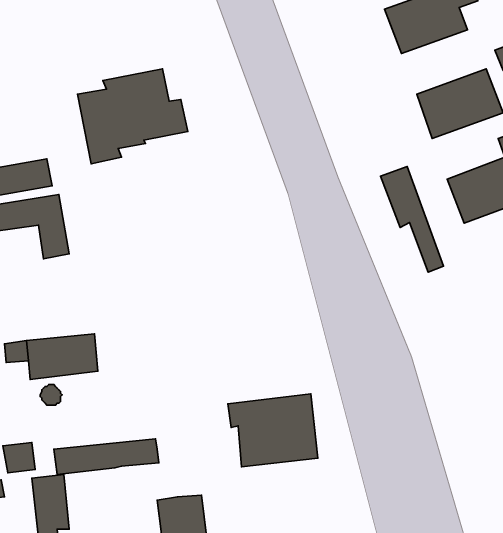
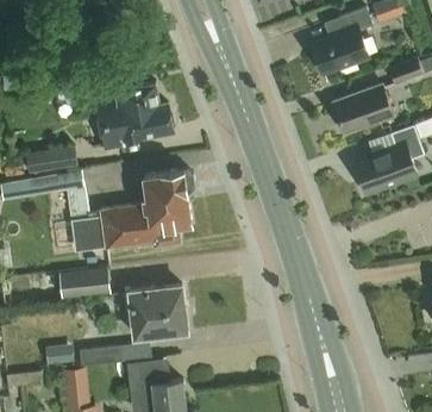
building: [381,166,444,272] -> none
building: none -> [71,170,194,252]
building: [228,394,318,467] -> [124,287,187,338]
building: none -> [126,360,165,389]

